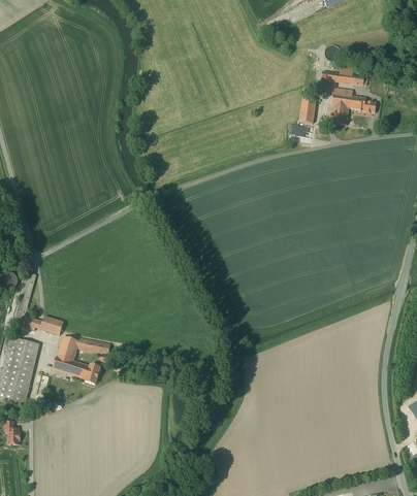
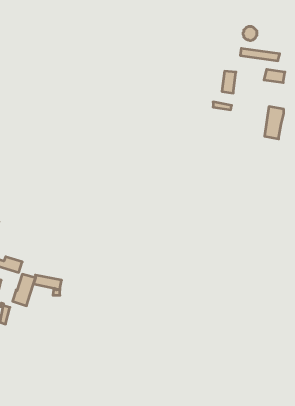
building: [329,88,352,126] -> [265,107,284,139]
building: [69,361,100,385] -> none

